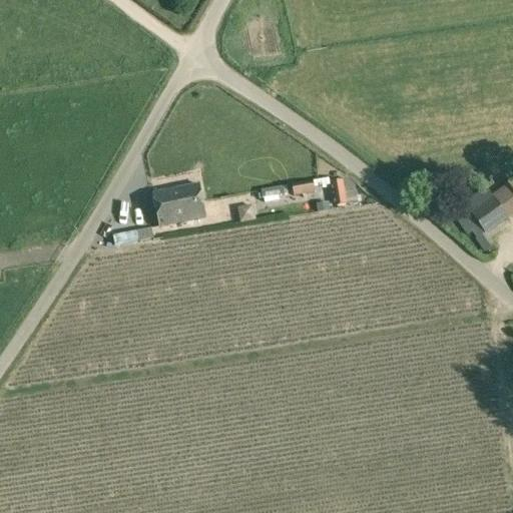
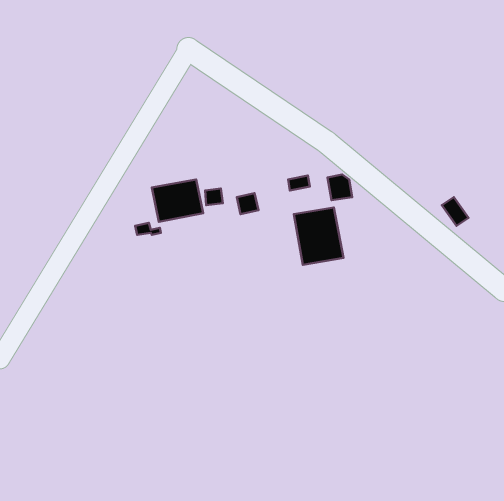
building: [472,195,508,230] -> none
building: none -> [294,207,344,265]

